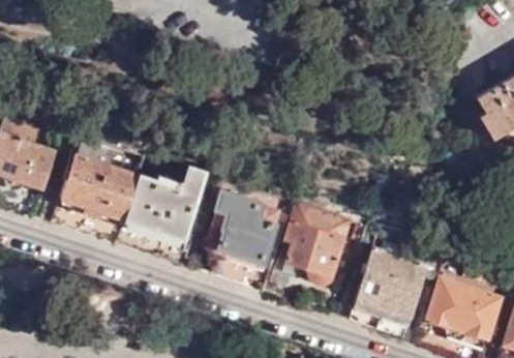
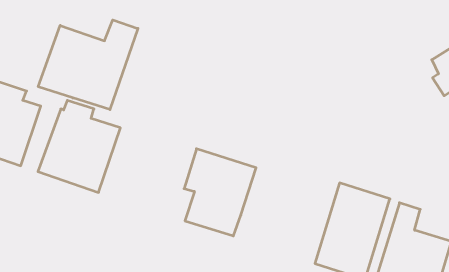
building: none -> [38,20,138,110]
building: [118,159,207,260] -> none
building: [265,202,350,308] -> none

